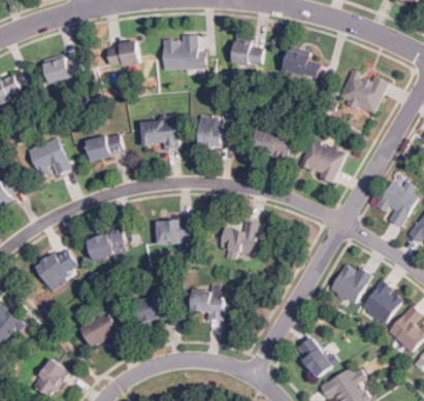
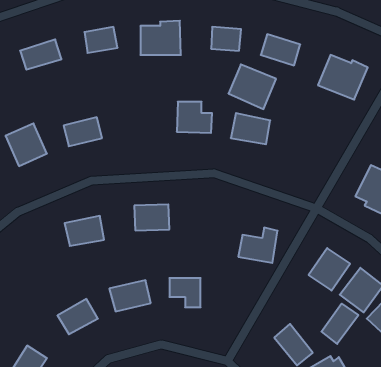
building: [140,115,178,147] -> none
building: [298,137,346,181] -> [228,64,276,109]
building: [219,220,258,255] -> [238,228,278,263]
building: [36,247,77,288] -> none
building: none -> [321,304,358,344]

